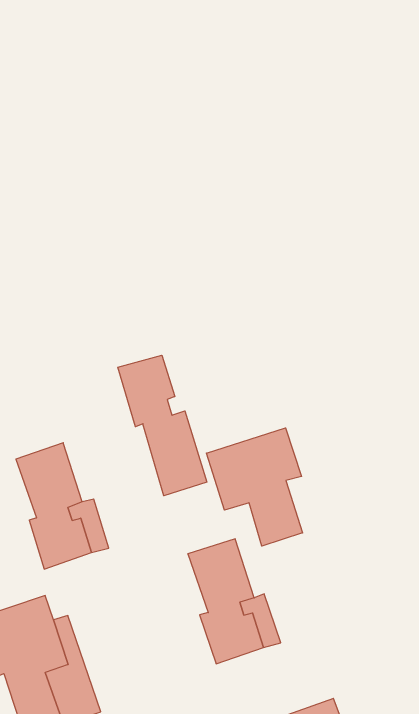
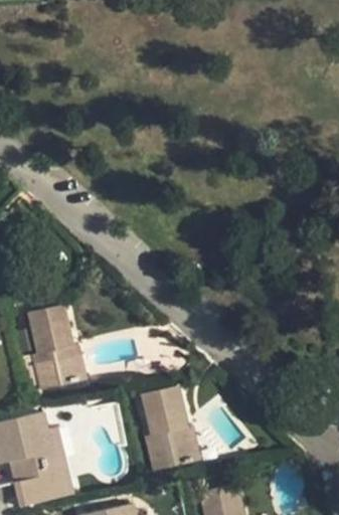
building: [118,355,207,496] -> none
building: [206,428,303,546] -> none

